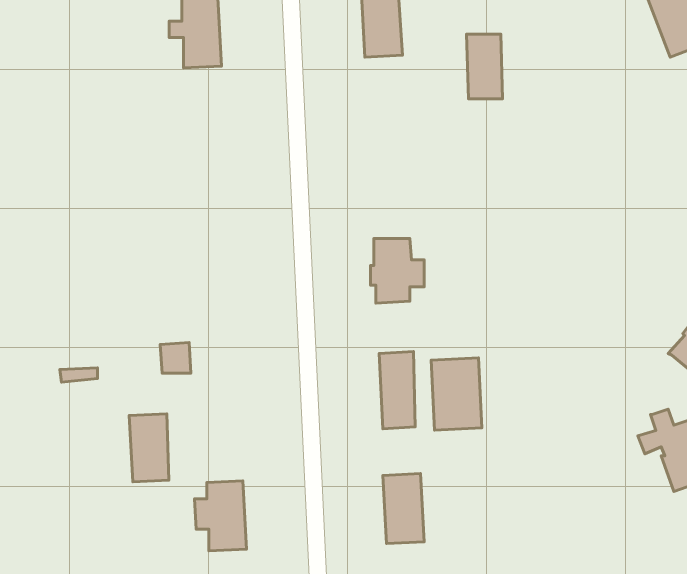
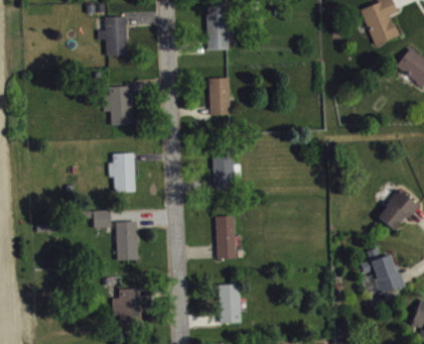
building: [467,34,502,99] -> [209,78,230,114]
building: none -> [103,85,133,125]
building: none -> [113,152,135,192]
building: [431,358,482,430] -> none
building: [129,414,169,482] -> [115,221,137,259]

